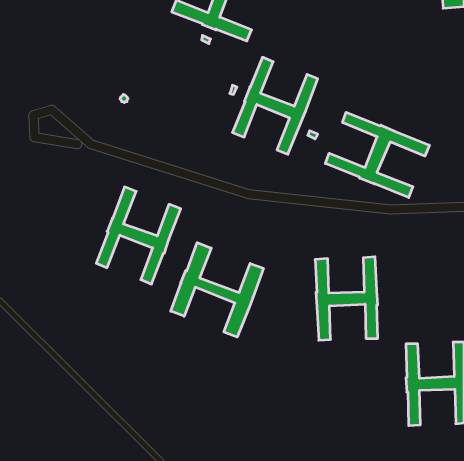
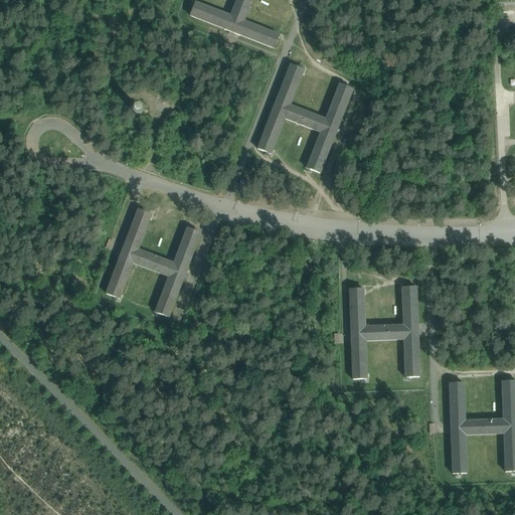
building: [325,112,429,198] -> none
building: [171,243,263,337] -> none

